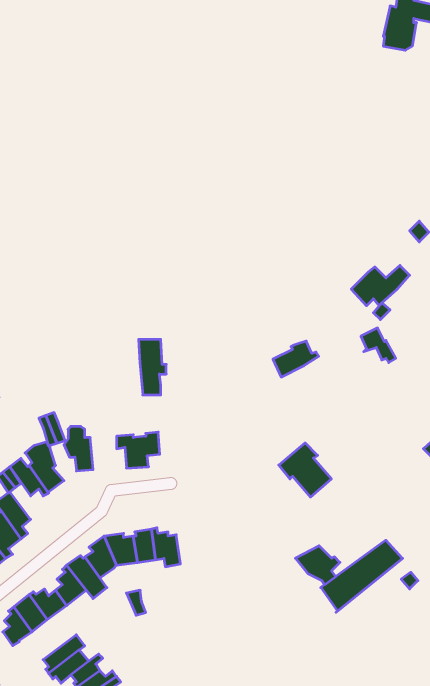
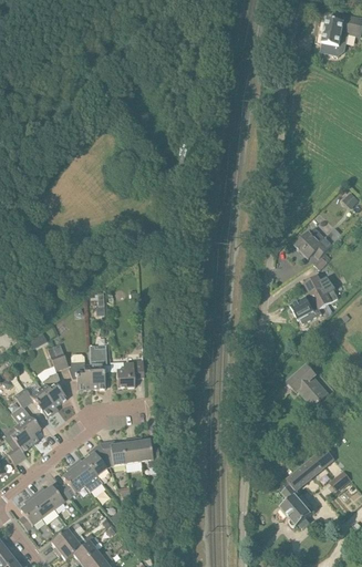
building: [139,339,166,395] -> [86,346,108,390]
building: [273,341,319,377] -> [289,292,325,321]
building: [279,443,331,497] -> [286,365,328,409]
building: [295,546,340,585] -> [278,498,313,529]

